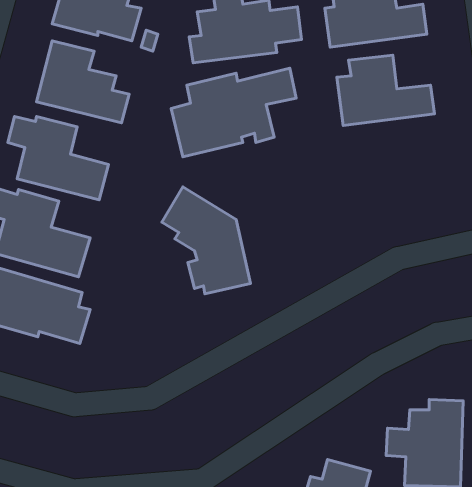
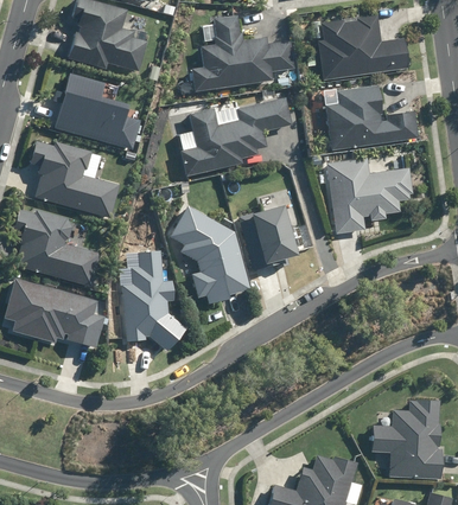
building: none -> [325,156,412,234]
building: none -> [238,205,291,267]
building: none -> [121,251,186,351]

